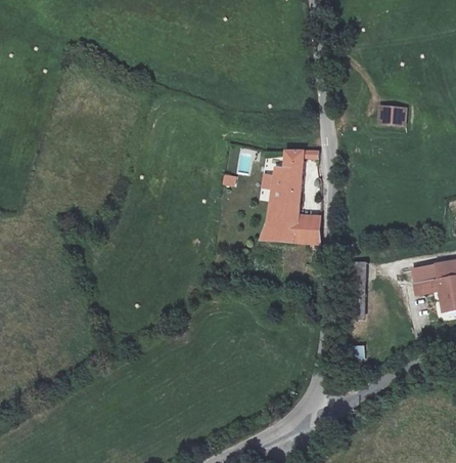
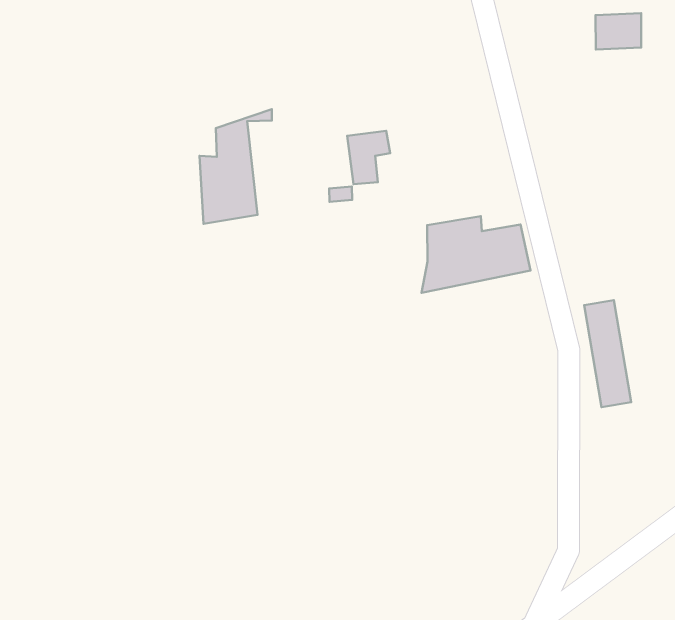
building: [270,151,317,206] -> [200,109,272,224]

